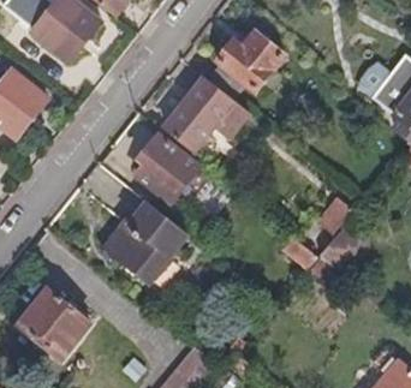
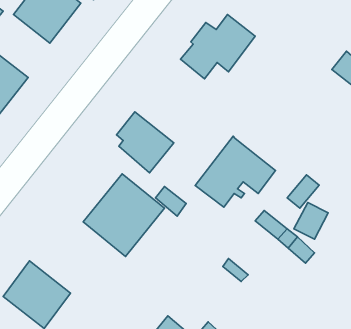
building: [163,76,248,150] -> [195,136,275,207]

